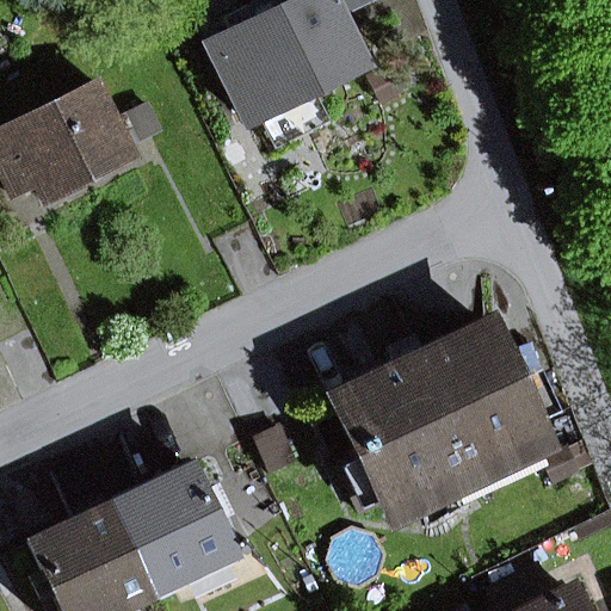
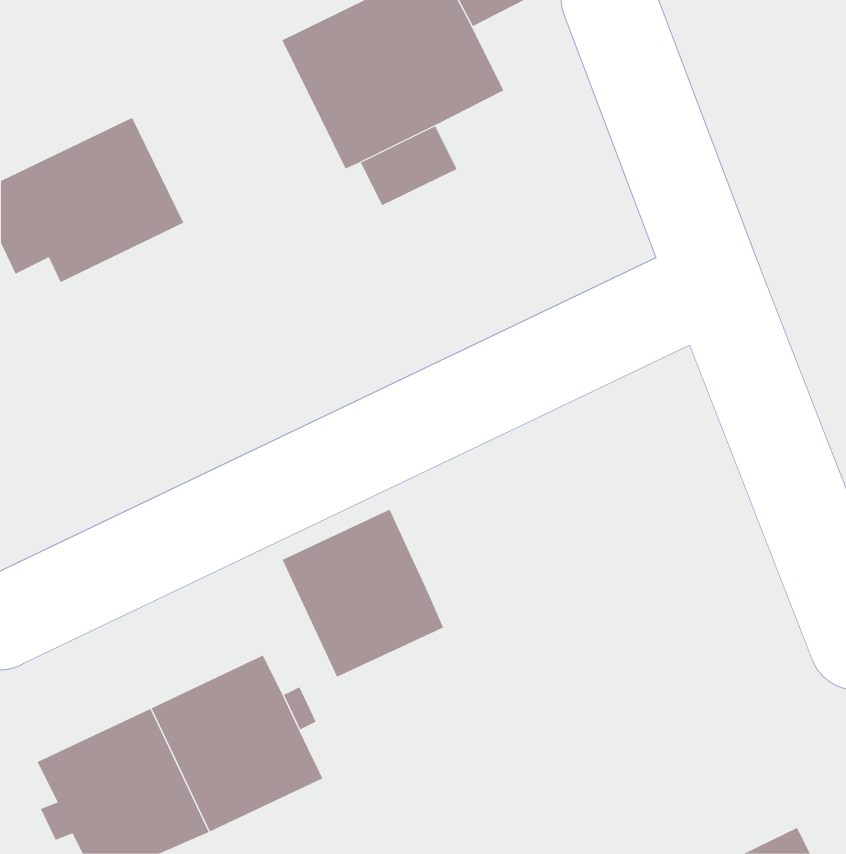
building: [338,323,547,512] -> none
building: none -> [282,509,444,677]

